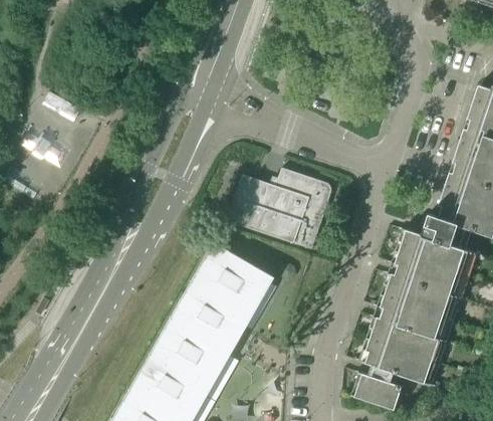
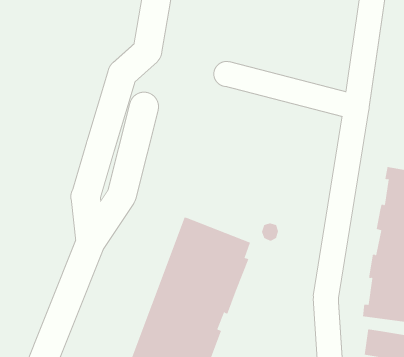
building: [228,169,332,250] -> none

